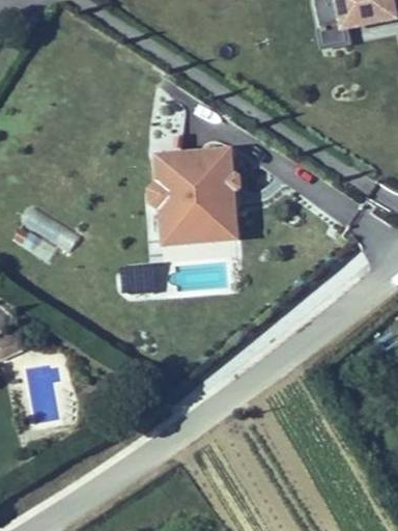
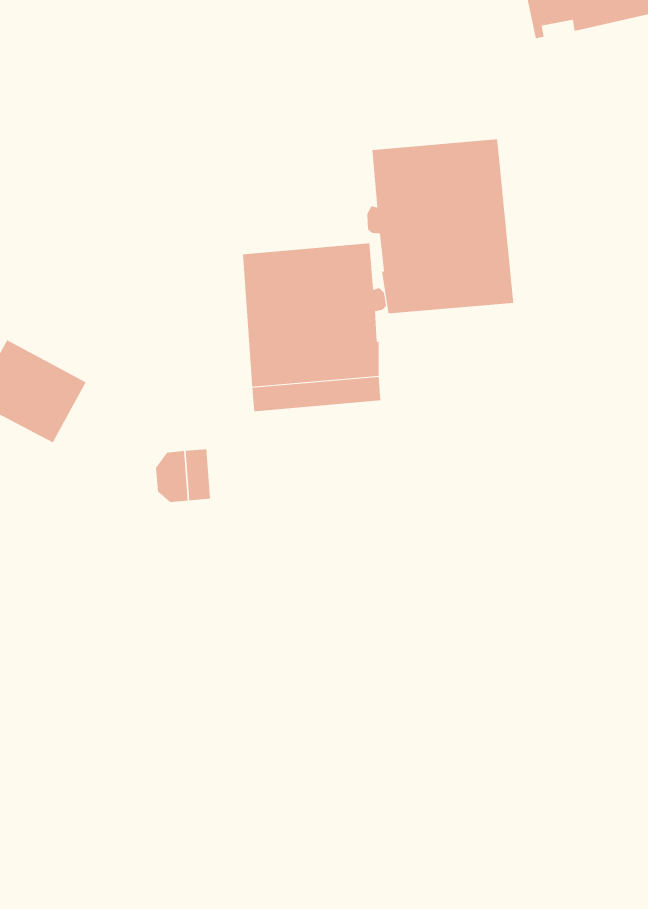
building: none -> [367,138,514,314]

